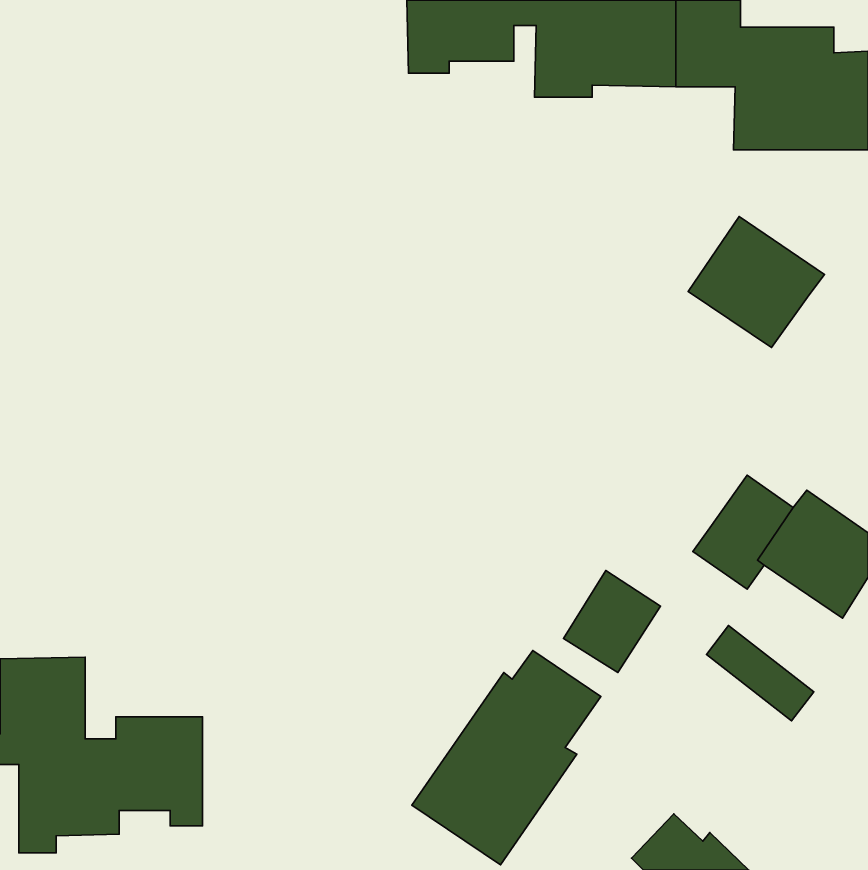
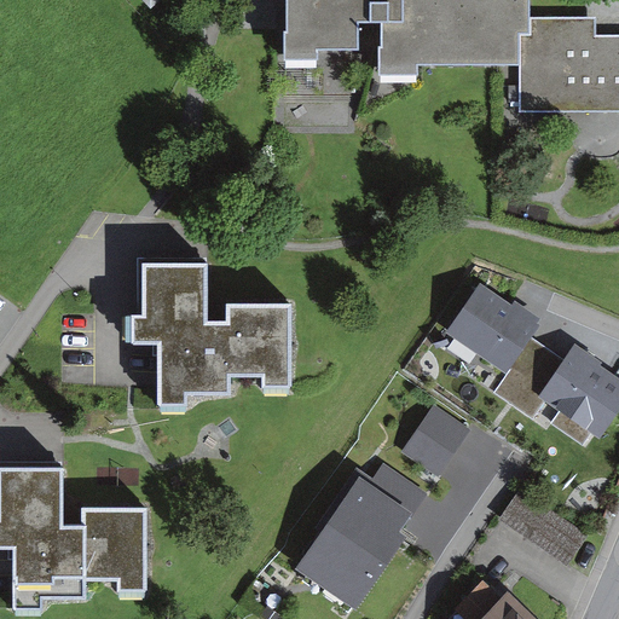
building: [688,216,824,348] -> [445,282,542,375]
building: none -> [134,262,289,400]
building: [706,625,814,721] -> [514,496,590,563]

